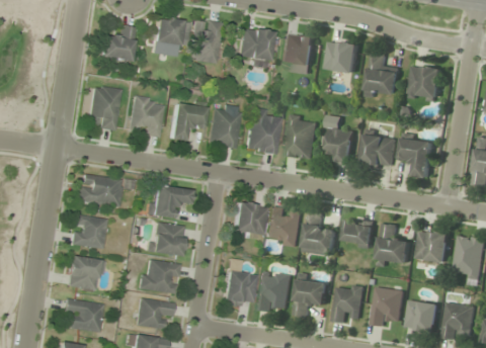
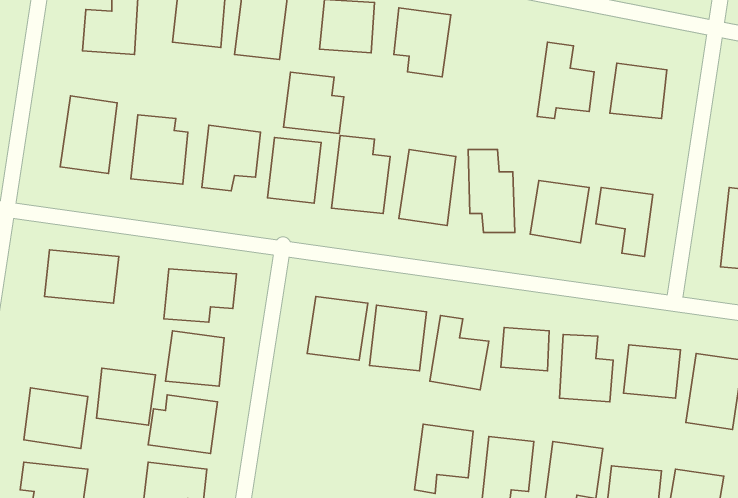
building: [324,39,359,73] -> none
building: none -> [283,72,344,133]
building: [71,214,105,248] -> [97,368,155,425]
building: [222,270,256,306] -> none
building: [258,271,291,312] -> none

